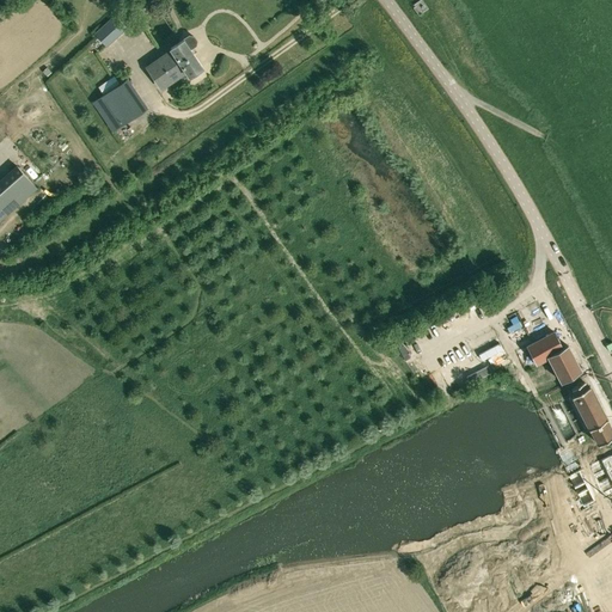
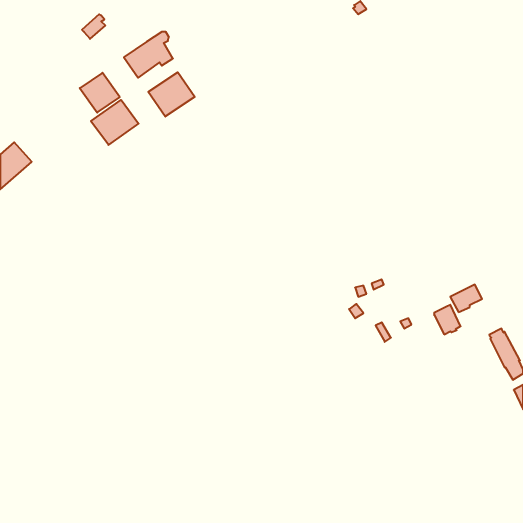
building: none -> [148,72,195,117]
building: none -> [91,100,139,145]
building: [549,347,580,381] -> [434,305,461,334]

